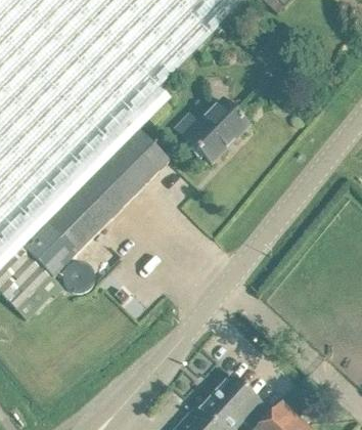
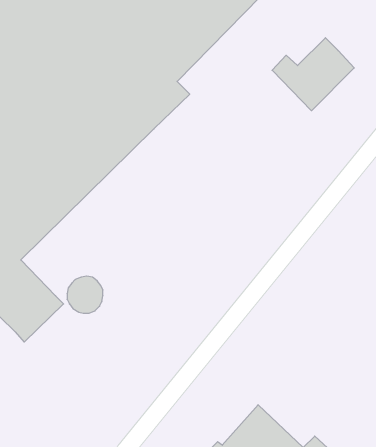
building: [176,98,248,163] -> [272,38,354,111]
building: [21,129,169,276] -> none

